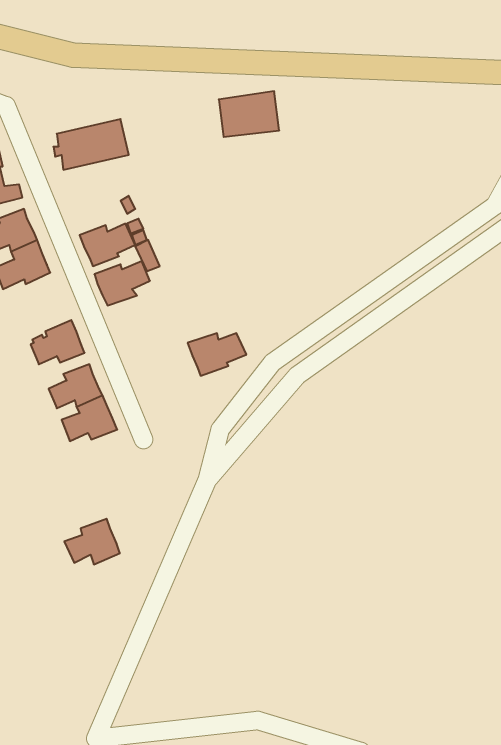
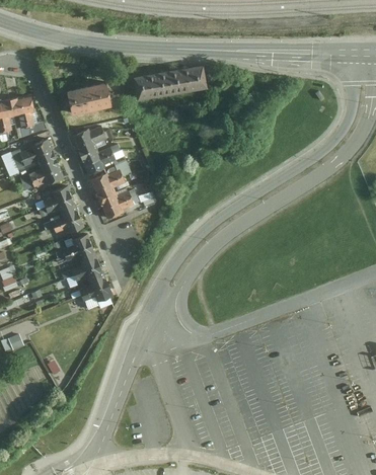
building: none -> [132,71,169,99]
building: none -> [71,127,105,155]
building: none -> [41,186,75,215]
building: [188,333,246,376] -> [97,192,134,219]
building: [64,519,120,564] -> [77,275,111,304]

